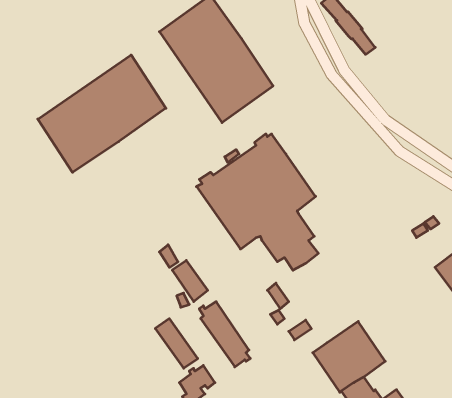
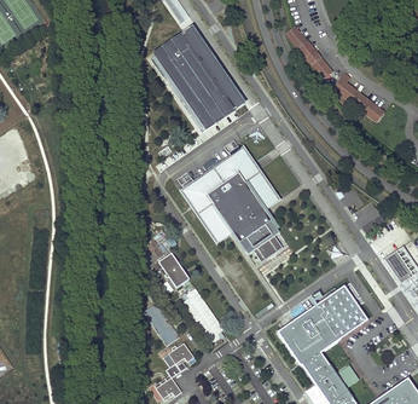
building: none -> [331,73,383,120]
building: [38,55,166,172] -> none
building: none -> [317,285,367,337]

